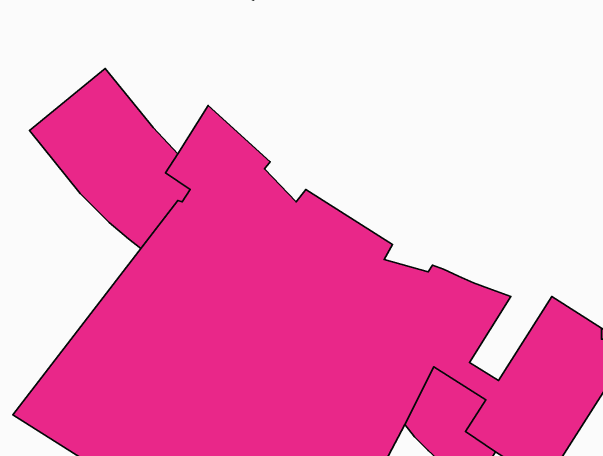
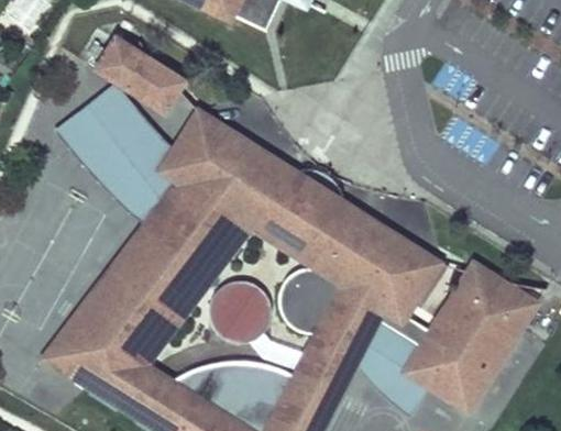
building: none -> [97,35,184,109]
building: none -> [198,107,440,259]

